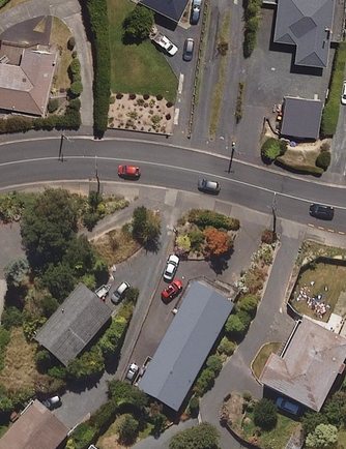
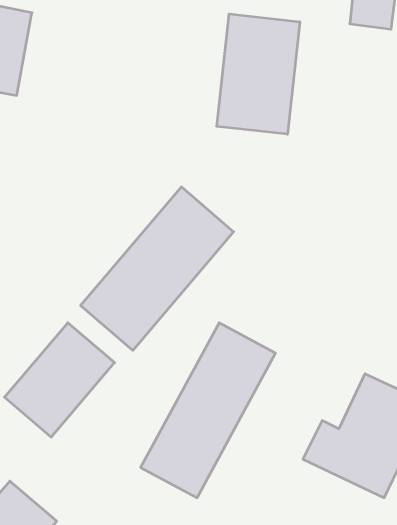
building: none -> [217,14,300,134]
building: [281,97,322,138] -> none
building: none -> [81,187,234,350]

